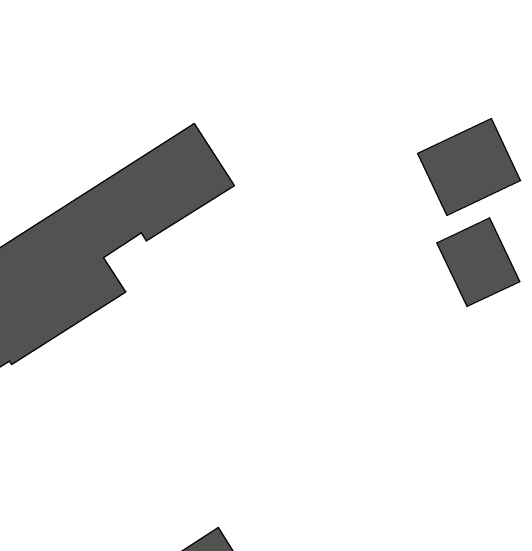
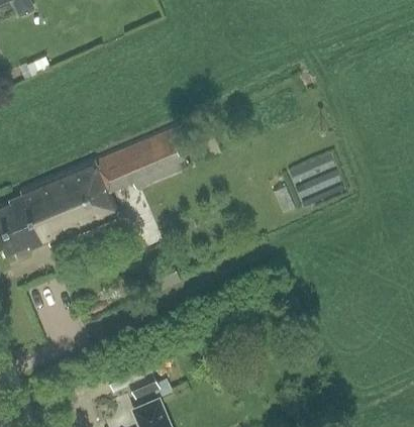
building: [437,218,520,307] -> none

